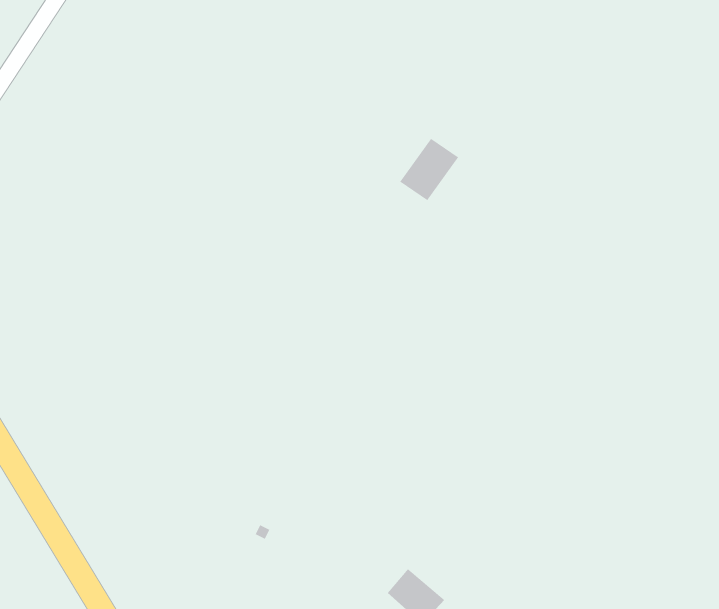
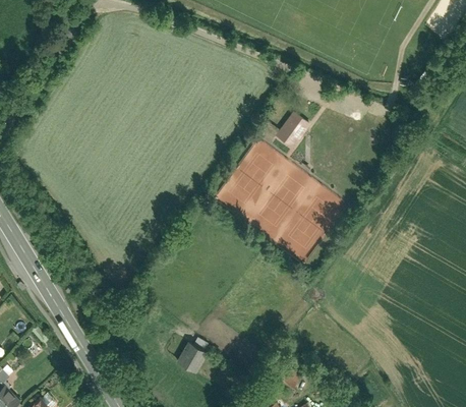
building: none -> [176,342,201,370]

